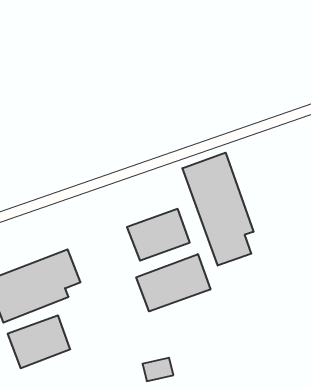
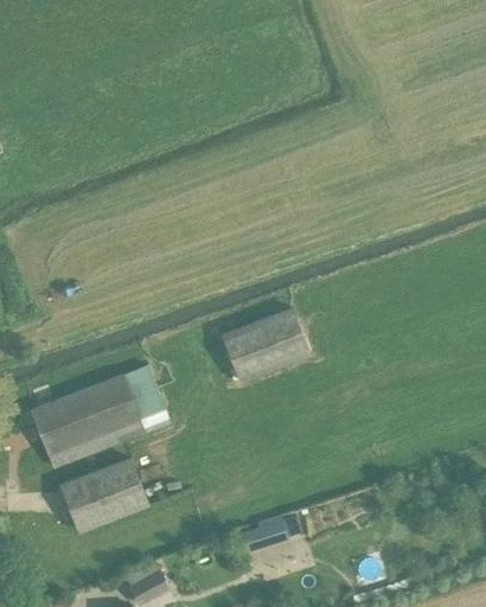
building: [182,153,253,266] -> none
building: [136,254,210,311] -> none

